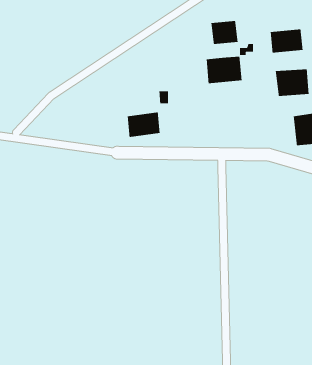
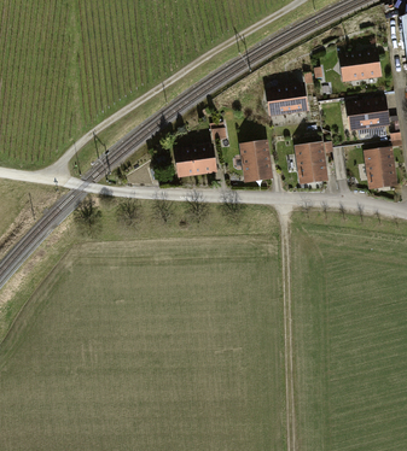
building: [210,20,239,45] -> none
building: none -> [242,142,272,180]
building: none -> [297,143,328,182]

